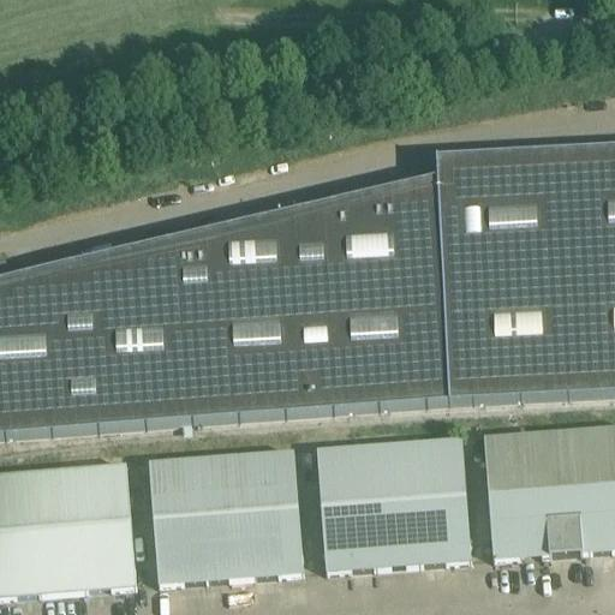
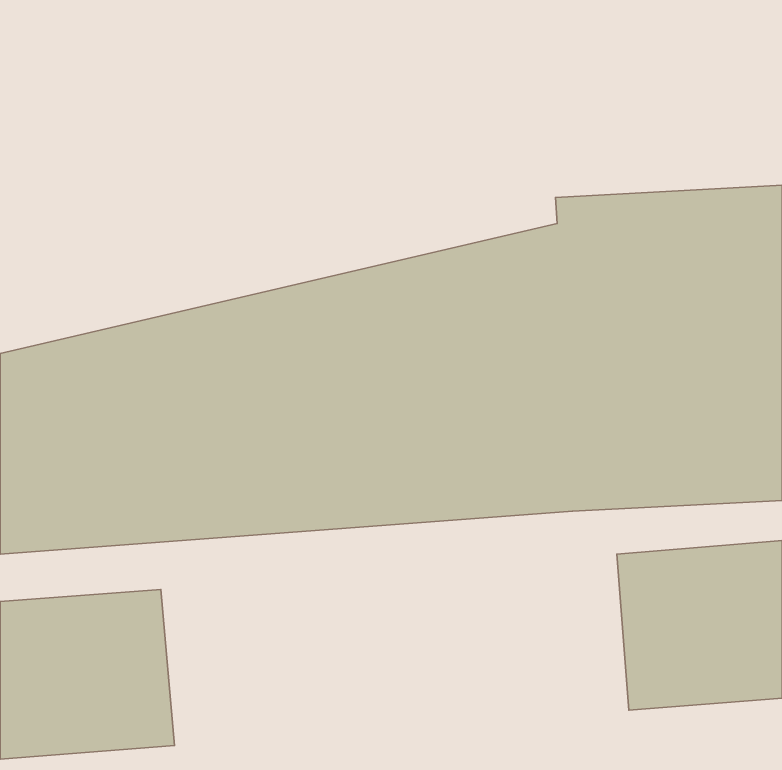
building: [317,436,472,571] -> none
building: [149,449,304,583] -> none

